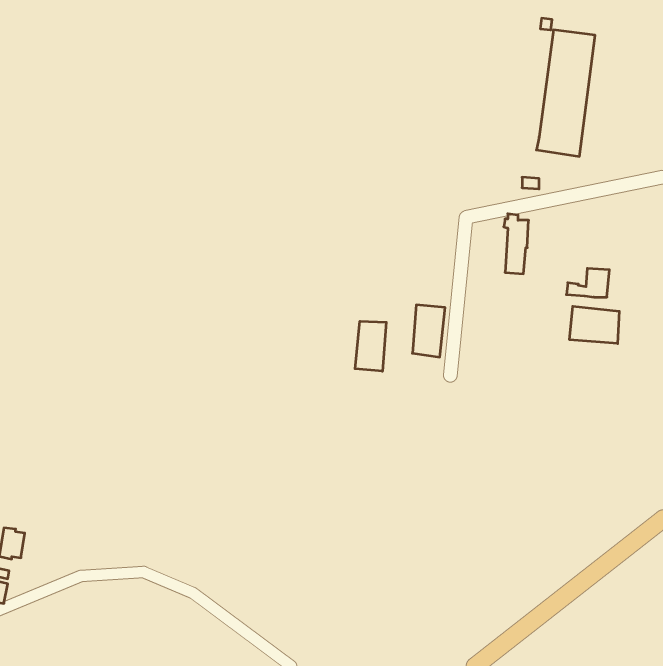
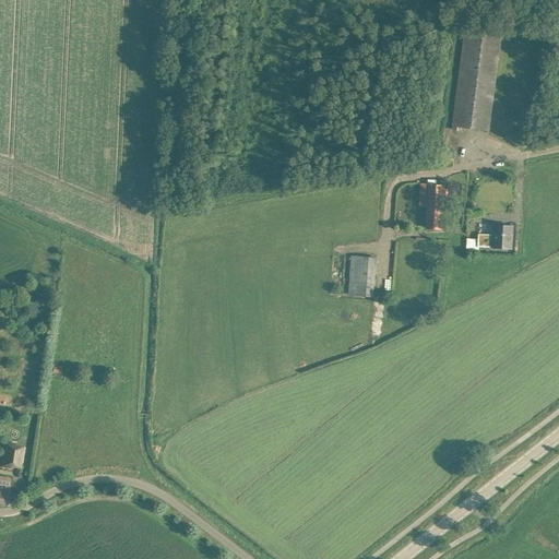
building: [570,306,619,344] -> none
building: [355,321,386,371] -> none

